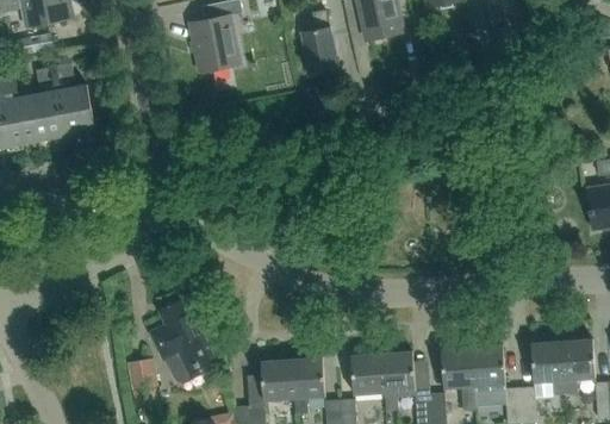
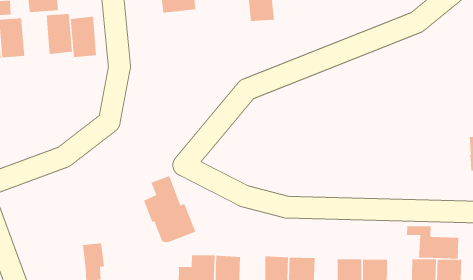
building: [30,87,67,139] -> [70,16,97,57]
building: [151,299,219,381] -> [143,175,196,243]
building: none -> [406,226,459,260]

